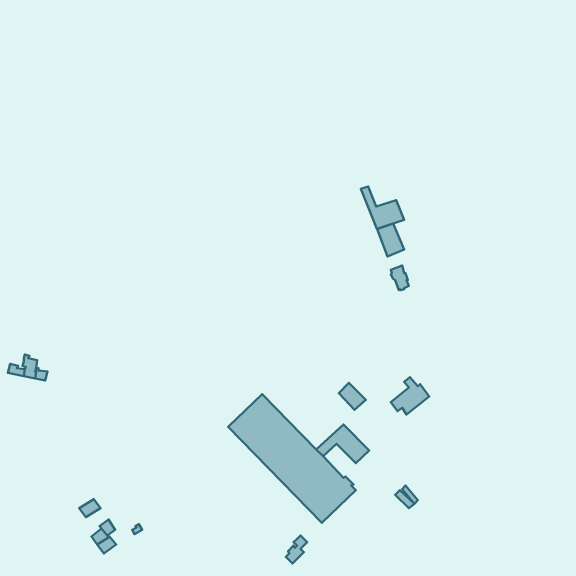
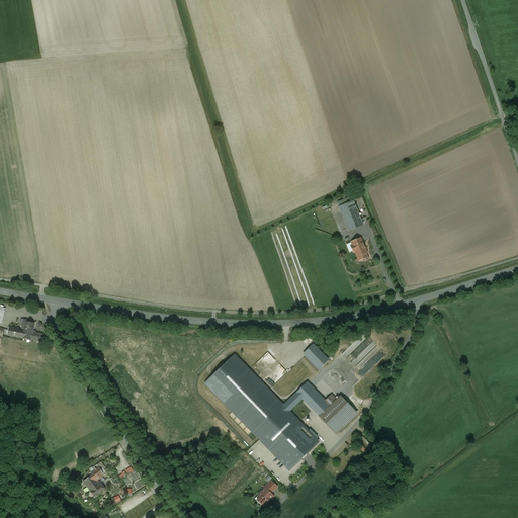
building: [361,187,404,229] -> none
building: none -> [318,395,354,431]

